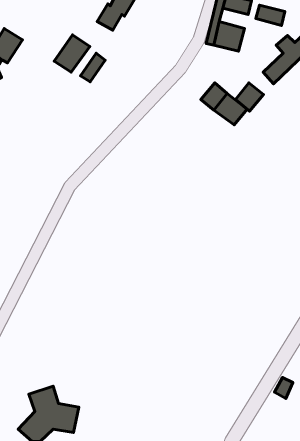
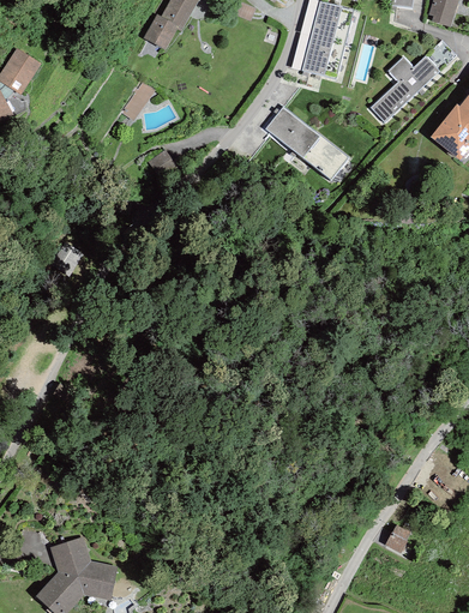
building: [256,5,285,25] -> [309,19,349,47]
building: [54,35,90,72] -> none
building: [236,83,264,111] -> [265,106,303,144]

